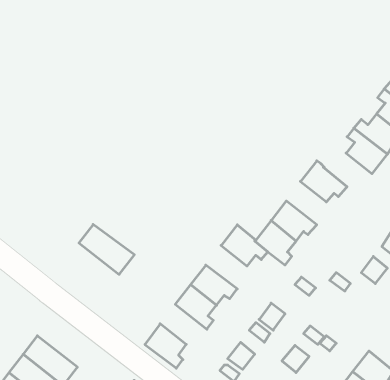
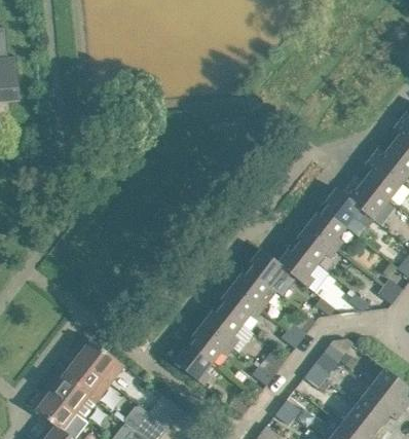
building: none -> [342,181,388,220]
building: none -> [307,208,345,249]
building: [79,224,134,274] -> [72,336,124,383]
building: none -> [231,268,270,309]
building: none -> [188,324,232,362]

